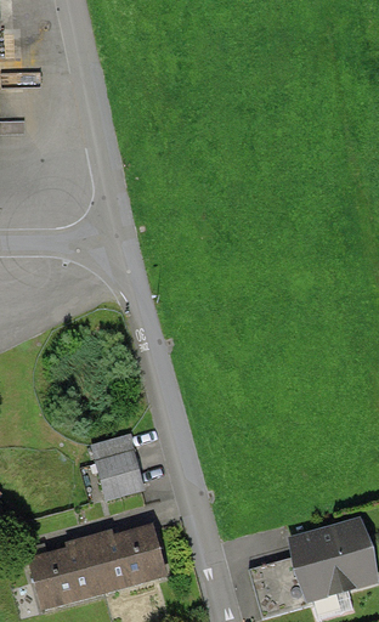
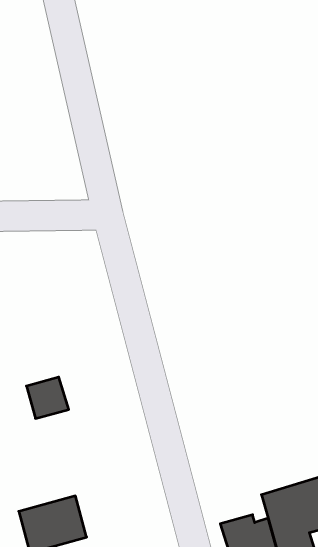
building: [94,448,140,493] -> [26,377,69,418]
building: [89,524,163,586] -> none

